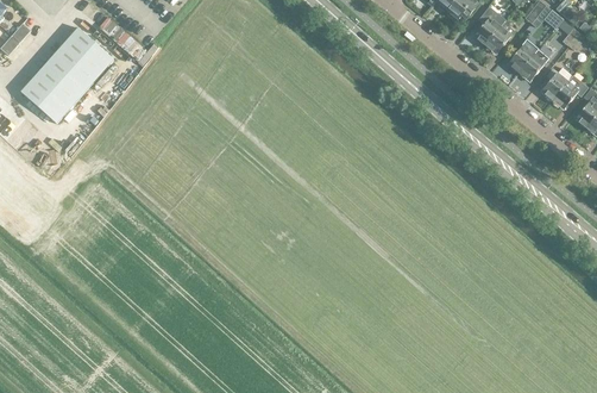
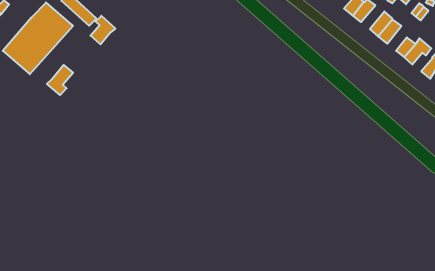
building: none -> [90,16,115,44]
building: none -> [47,65,73,95]

